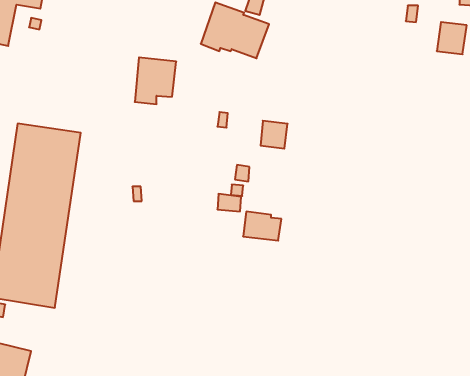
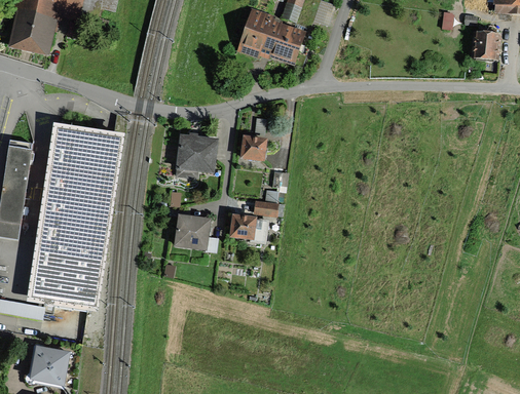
building: [135,57,176,104] -> [176,132,217,179]
building: [261,121,288,149] -> [240,133,267,161]
building: none -> [174,212,211,248]
building: [243,212,281,241] -> [229,211,267,240]

